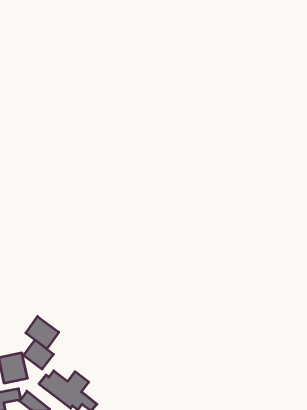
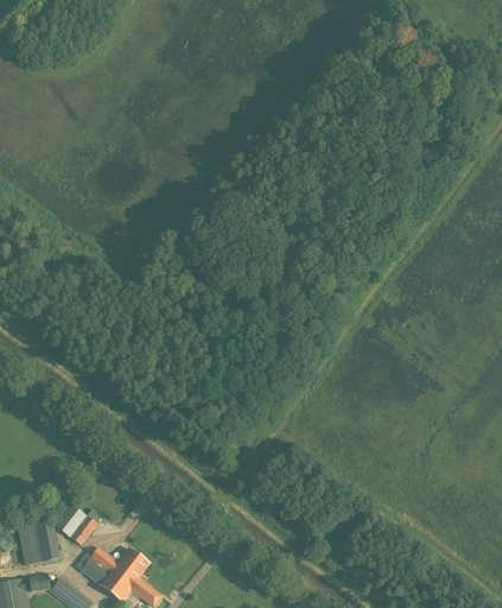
building: [26,316,59,349] -> none

